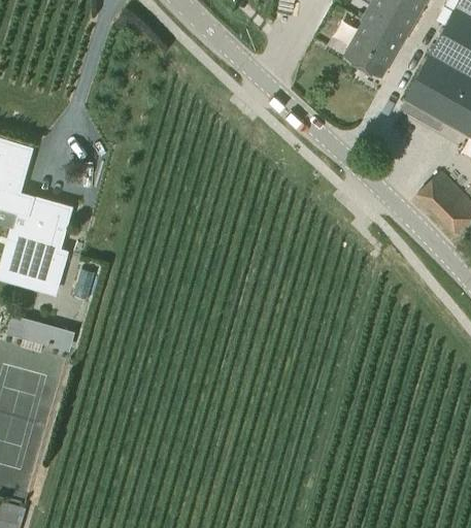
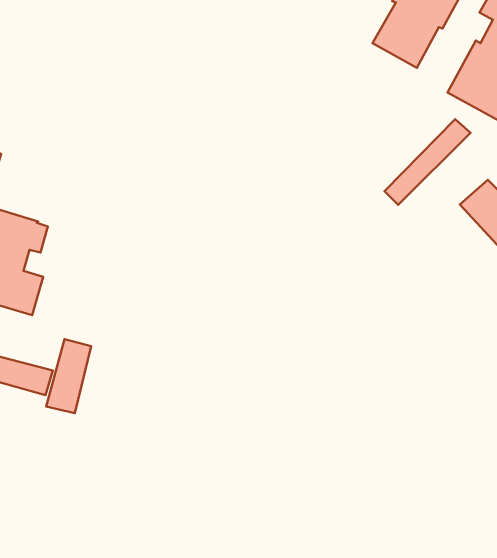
building: none -> [384,119,470,205]
building: none -> [46,339,91,413]

